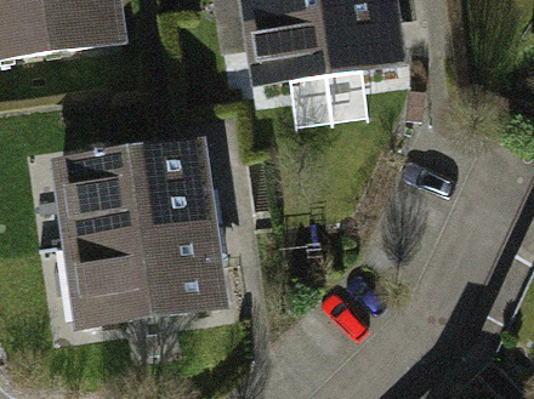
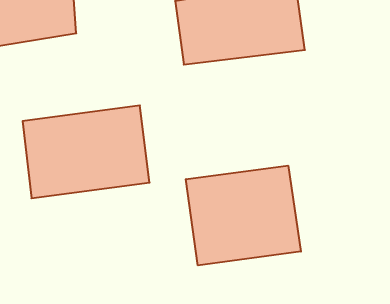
building: none -> [186,166,301,265]
building: [67,229,225,331] -> none

